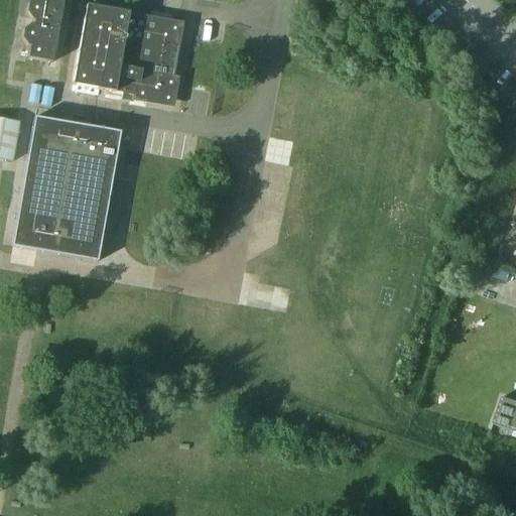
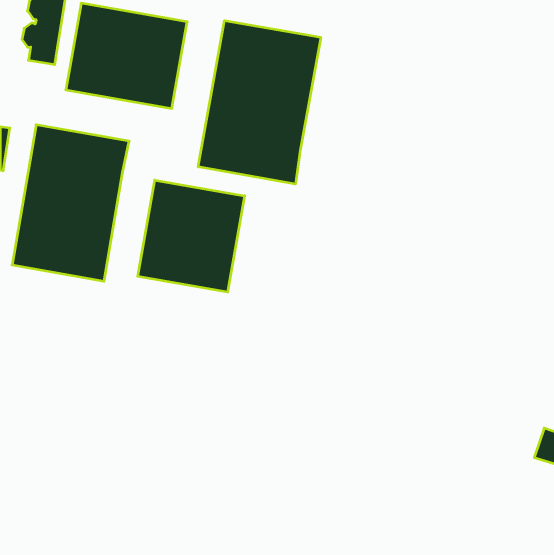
building: none -> [198,21,321,184]
building: none -> [138,180,245,292]

